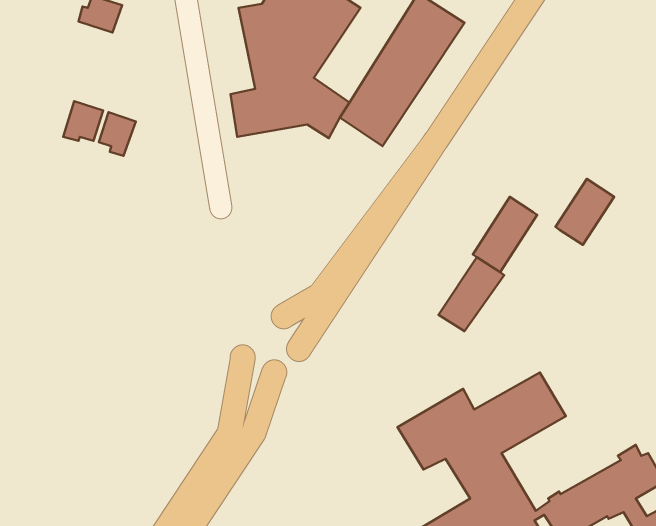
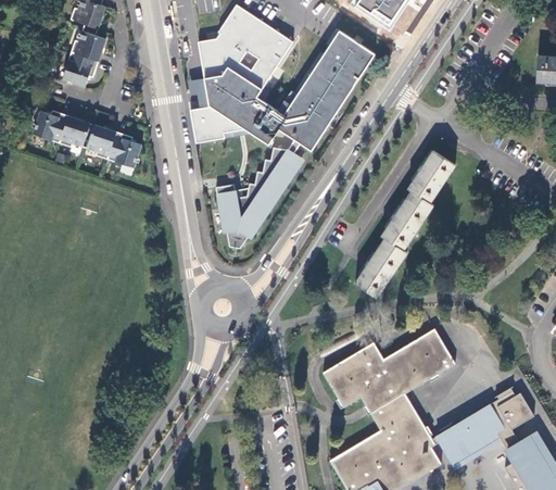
building: none -> [61,51,97,86]
building: none -> [31,110,66,142]
building: none -> [105,130,141,166]
building: none -> [215,147,301,249]
building: [555,179,614,245] -> [408,150,455,202]

